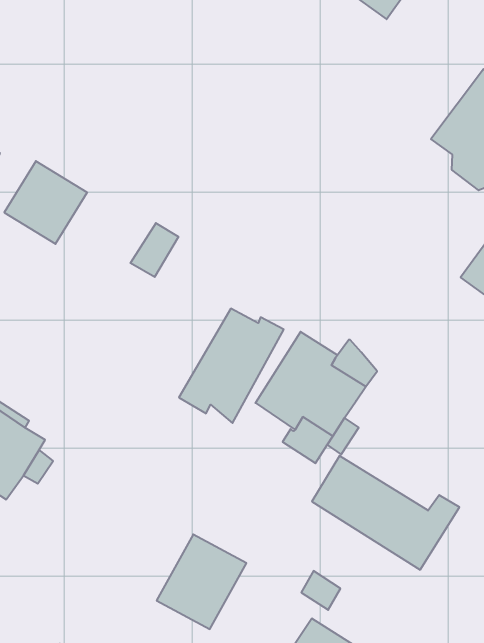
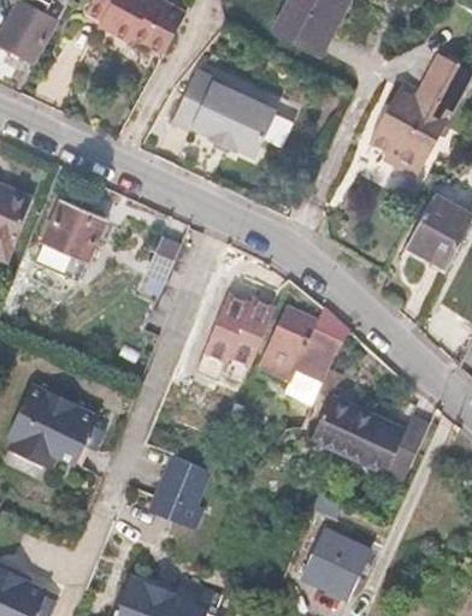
building: none -> [171,70,277,159]
building: [157,534,246,629] -> [148,451,214,523]

